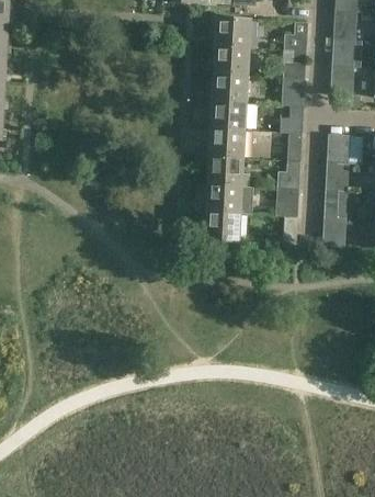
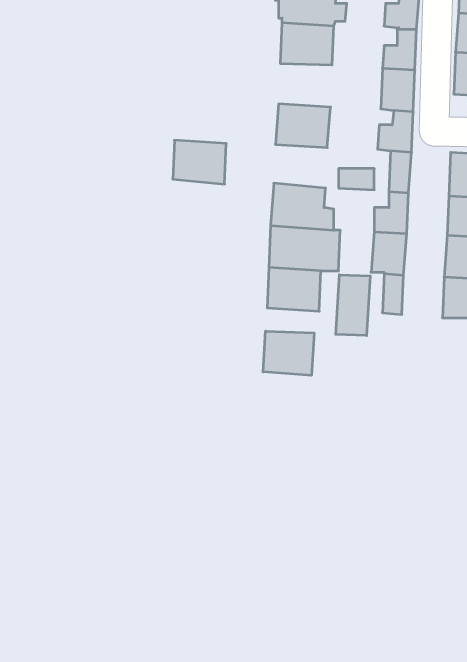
building: [212,72,248,102] -> none
building: [208,127,245,157] -> [173,140,226,184]
building: none -> [336,275,370,336]
building: none -> [263,331,314,375]

